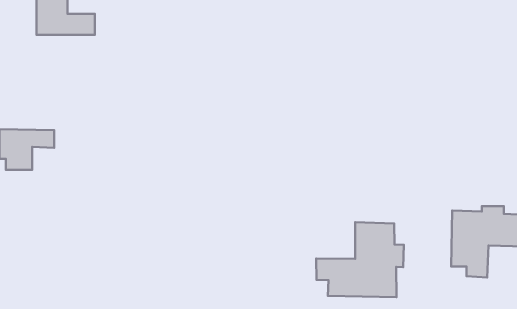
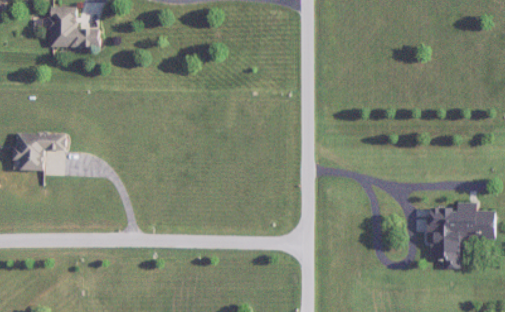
building: [316,222,404,297] -> none

